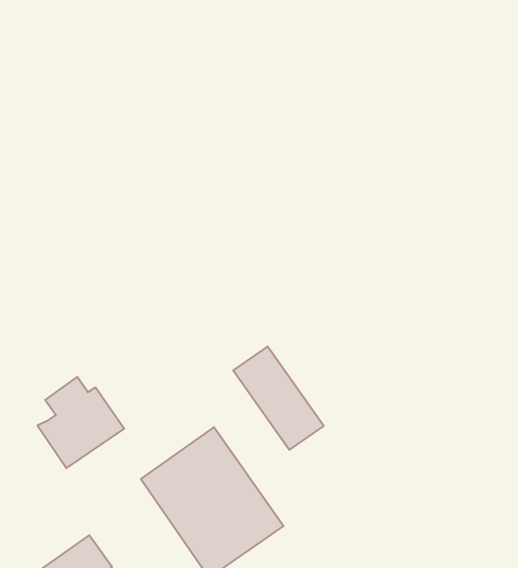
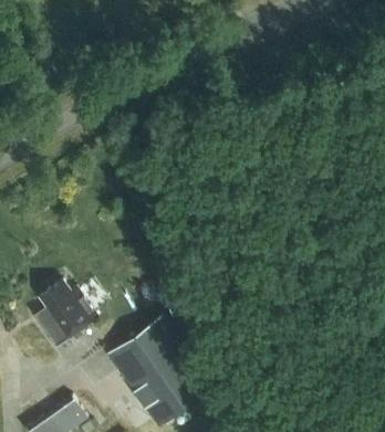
building: [233,346,324,450] -> none

